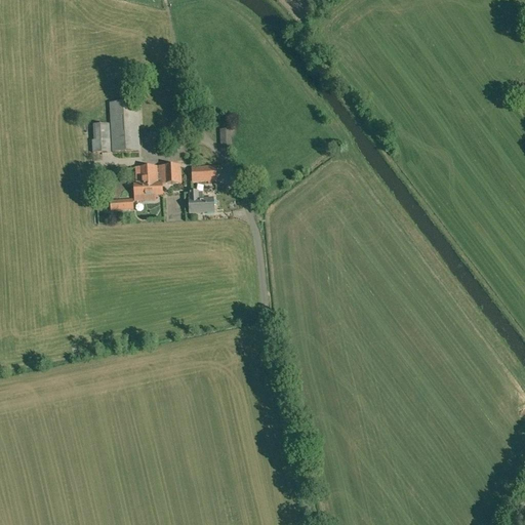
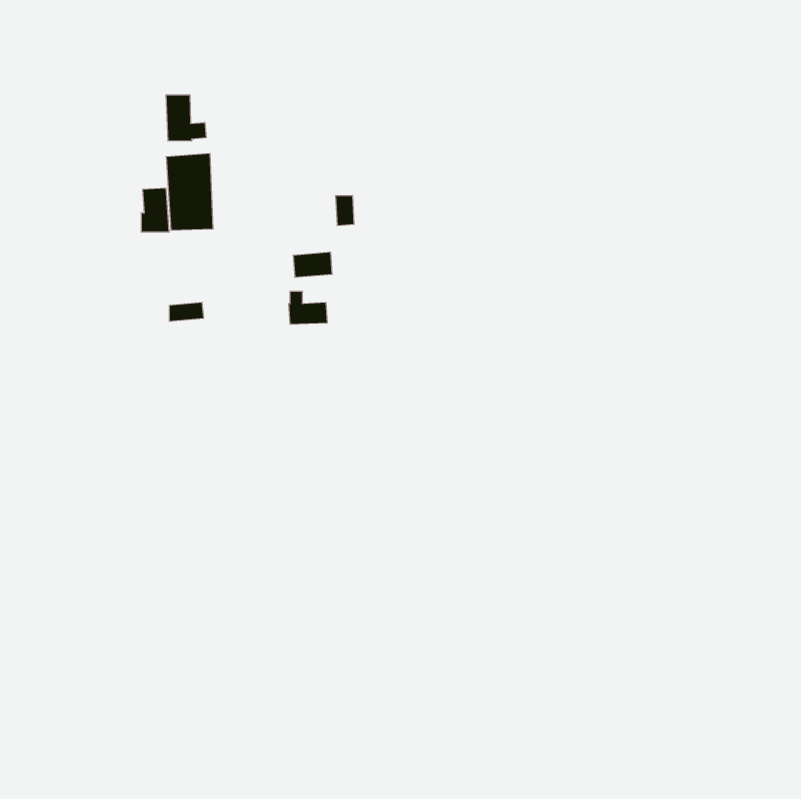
building: none -> [166,95,206,141]
building: [134,164,181,200] -> none

